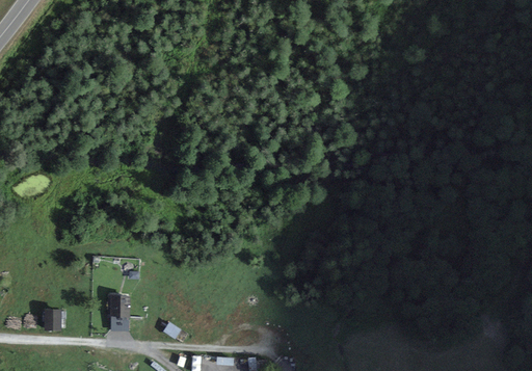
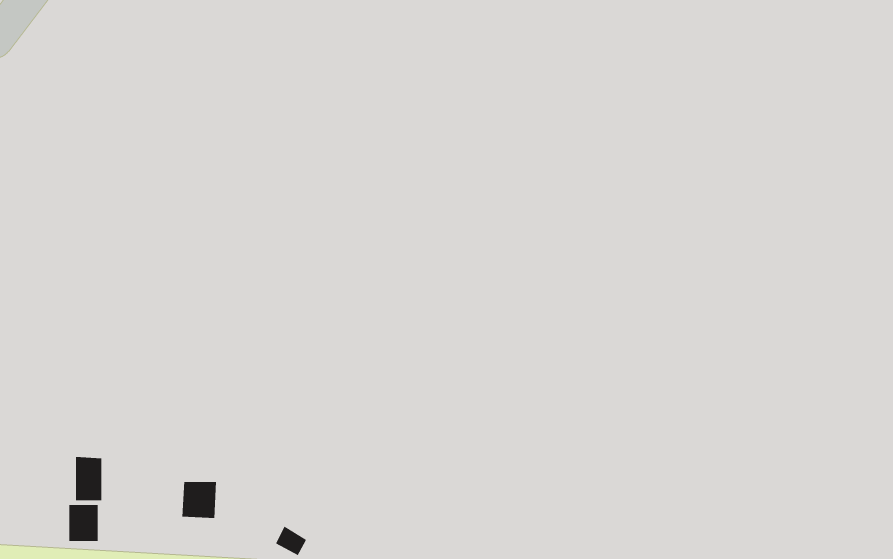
building: none -> [76,456,102,501]

